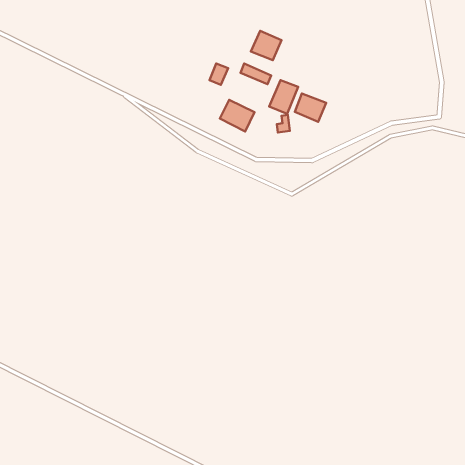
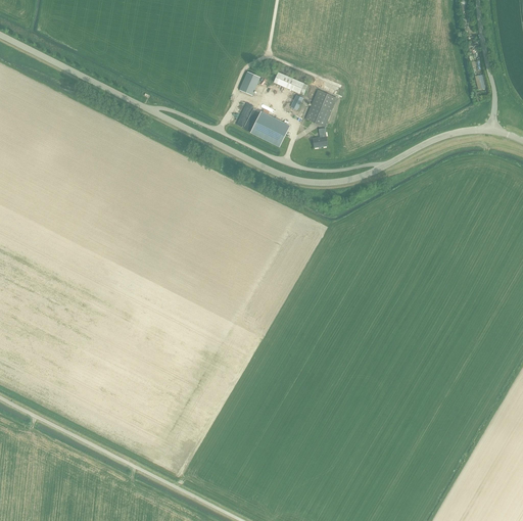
building: [251,31,282,60] -> none
building: [295,94,326,122] -> none

